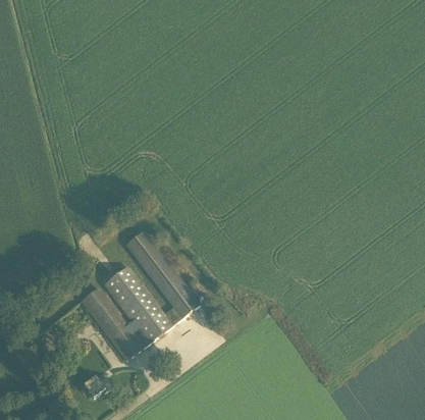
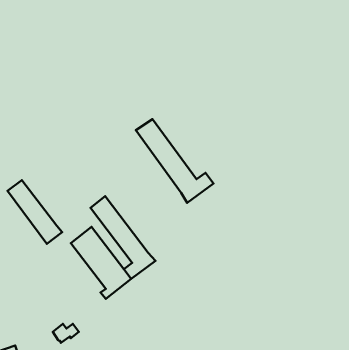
building: none -> [136,119,213,203]
building: [82,288,144,361] -> [7,180,62,244]

